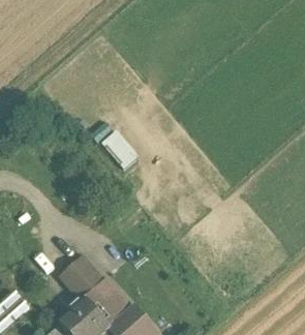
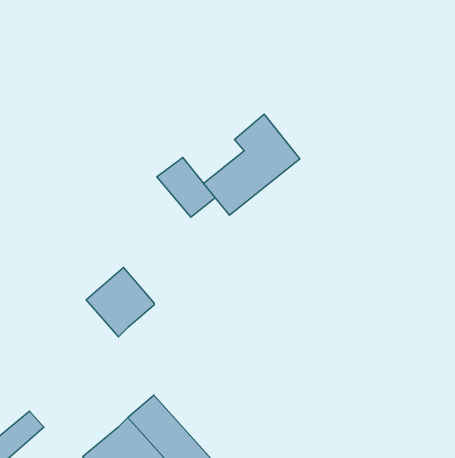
building: none -> [204,114,300,215]
building: [60,254,103,299] -> [86,268,154,337]

